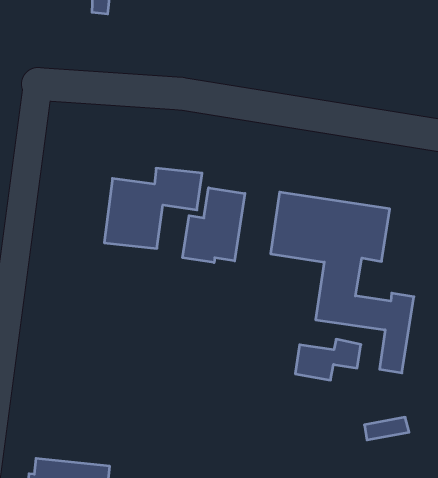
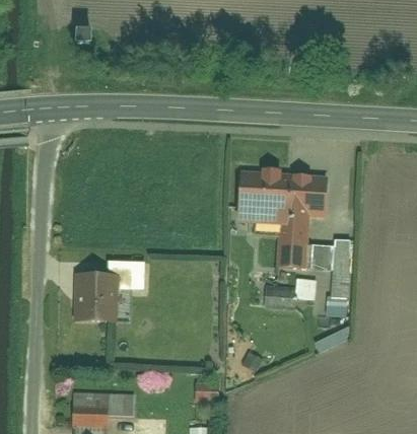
building: [104,168,202,248] -> [74,261,143,321]
building: [183,188,245,263] -> none

